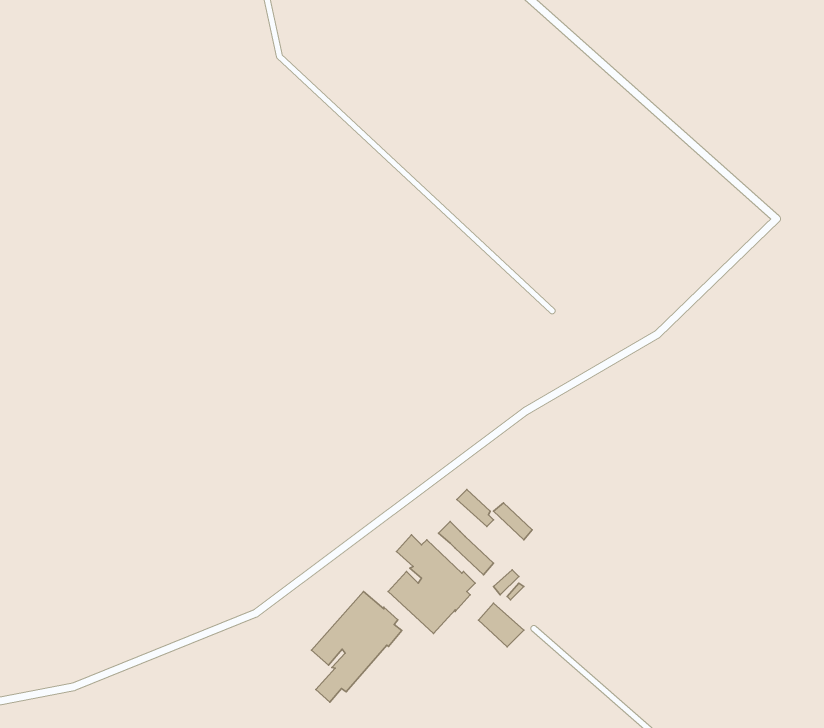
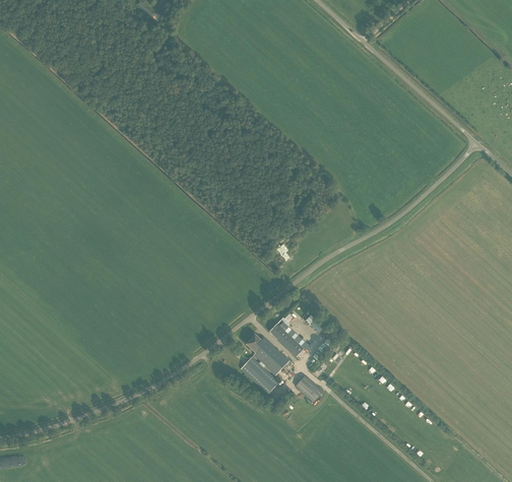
building: [311,591,402,702] -> none

